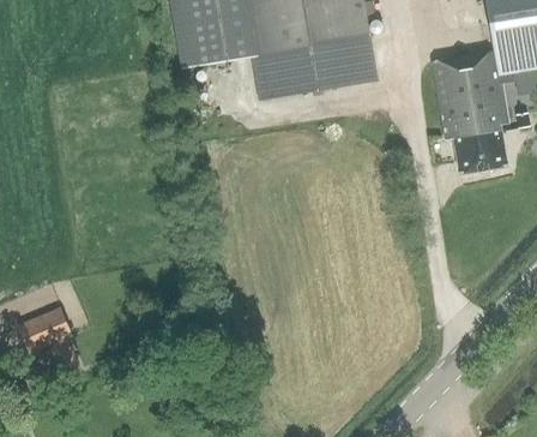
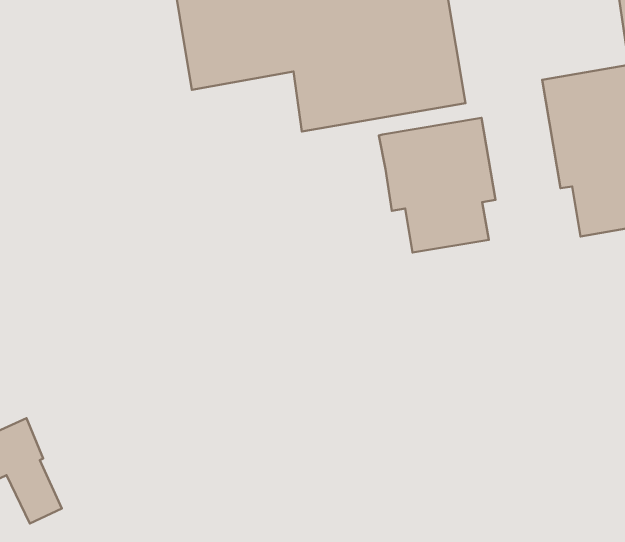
building: none -> [379,118,495,252]

